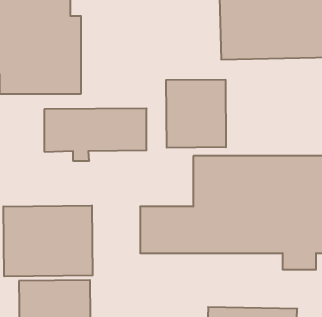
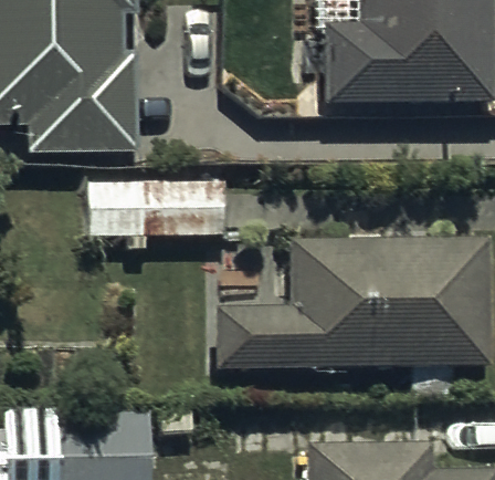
building: [166,80,226,148] -> none
building: [3,205,93,276] -> none

